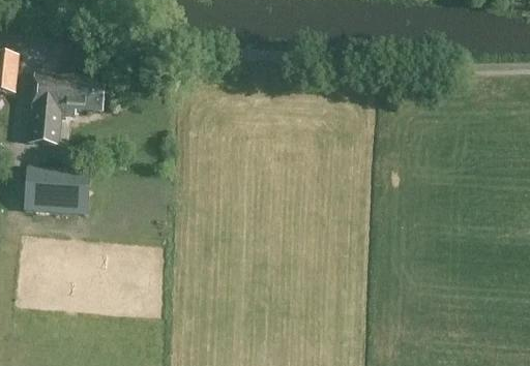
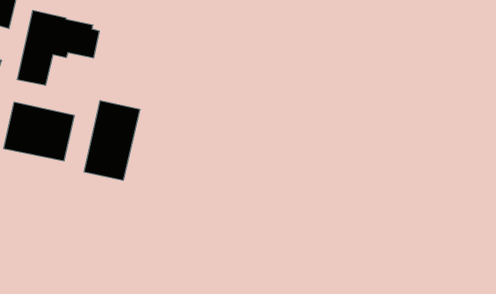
building: none -> [84,101,140,180]

